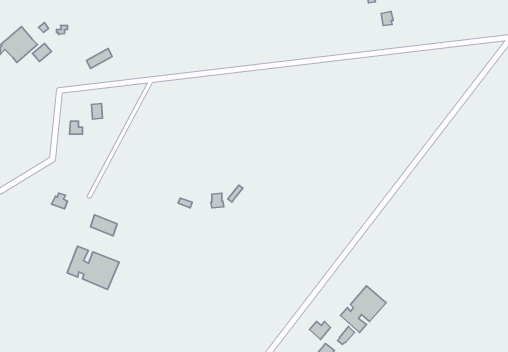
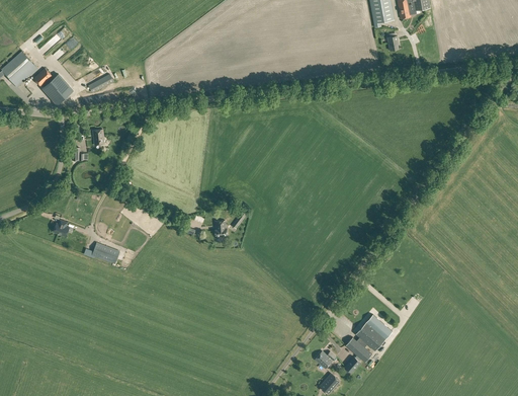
building: none -> [42,74,73,104]
building: [67,246,119,290] -> none

